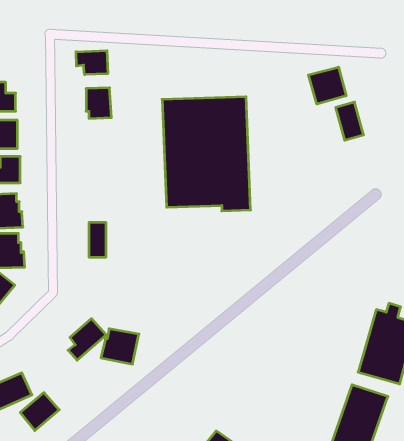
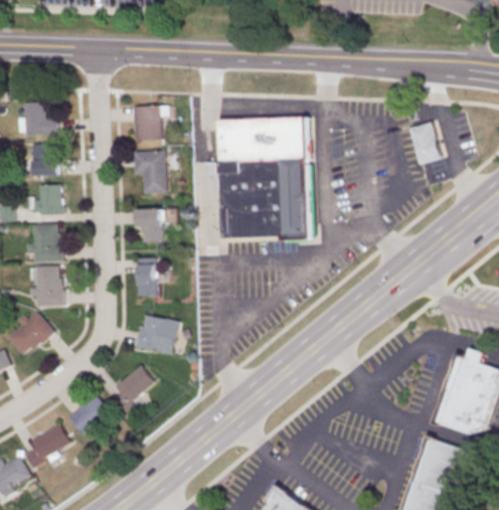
building: [76,51,108,75] -> none
building: [308,67,346,104] -> none
building: none -> [134,151,165,193]
building: none -> [135,210,163,243]
building: [101,329,139,364] -> [137,316,179,355]
building: [20,393,59,431] -> [68,392,112,435]

